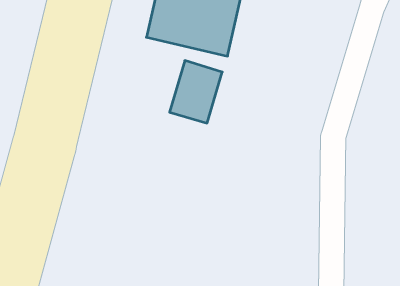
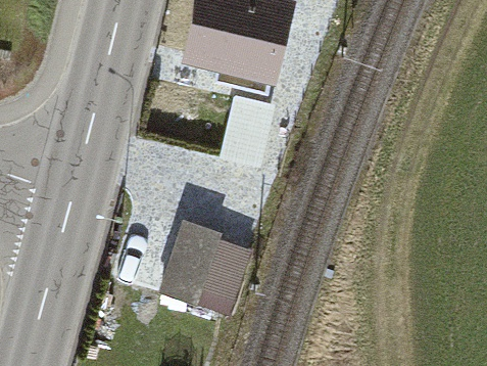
building: none -> [160,221,250,310]

